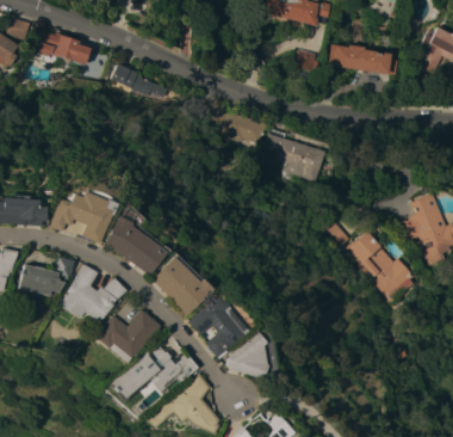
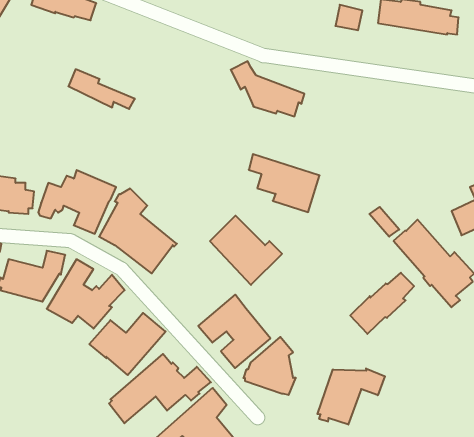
building: [116,63,172,97] -> [68,69,135,109]
building: [269,133,329,181] -> [249,154,320,212]
building: [145,257,206,315] -> [210,216,282,285]
building: none -> [350,273,414,334]
building: none -> [317,368,385,425]

